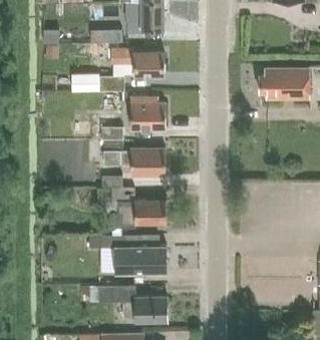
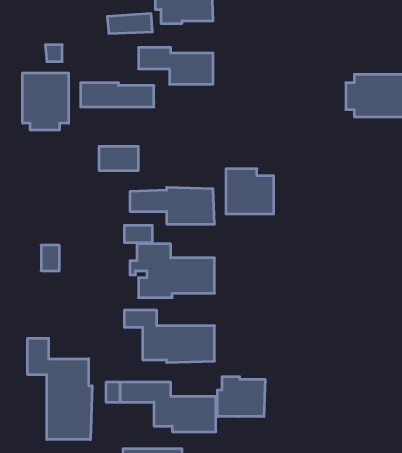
building: none -> [23,73,69,130]
building: [130,97,165,129] -> [226,169,274,214]
building: none -> [28,338,92,440]
building: none -> [217,377,265,417]

